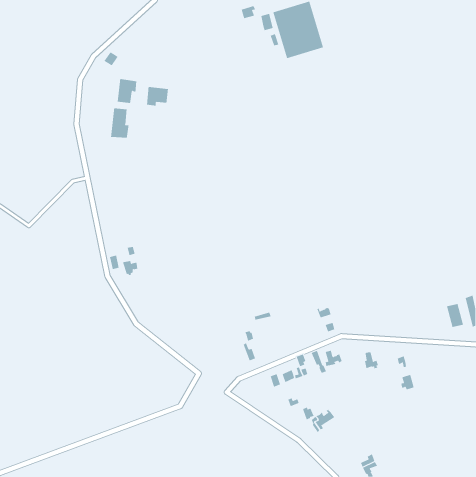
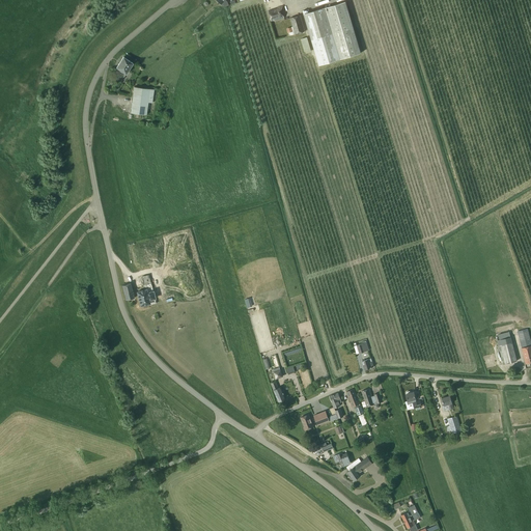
building: [146,86,169,107] -> none
building: [110,108,129,139] -> none

